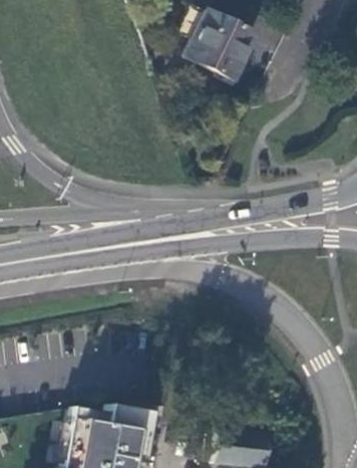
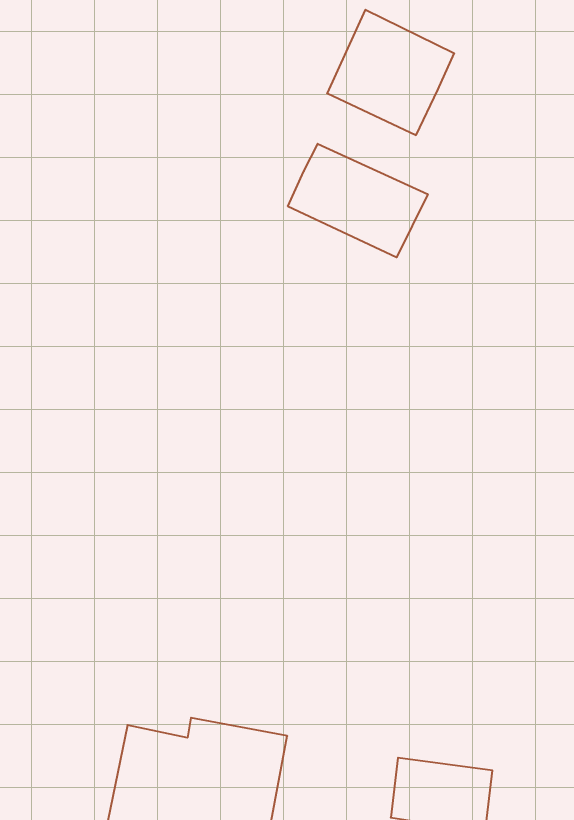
building: none -> [288,144,428,257]

